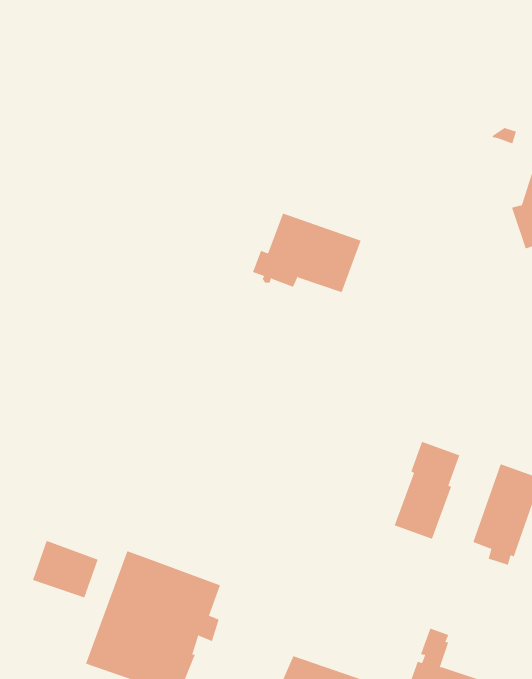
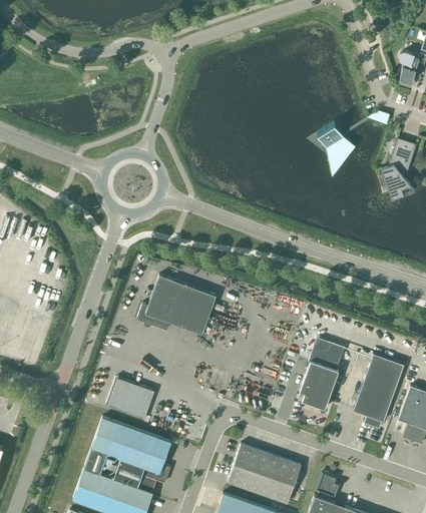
building: none -> [317,123,355,176]
building: [252,213,361,293] -> [136,277,216,335]
building: [32,540,99,598] -> [105,378,153,420]
building: none -> [227,444,301,504]

